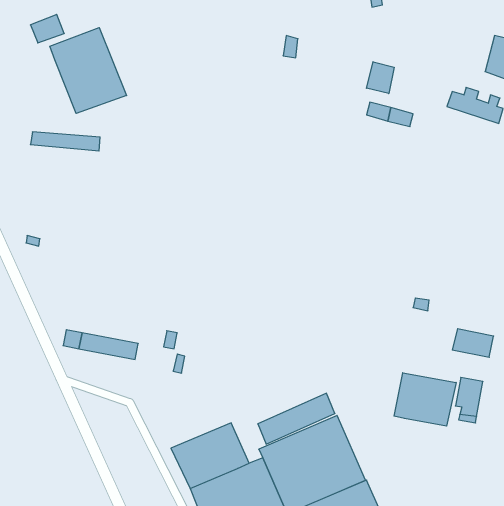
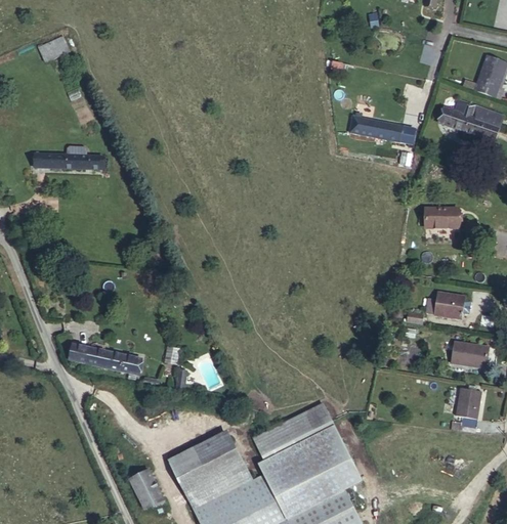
building: [50,28,127,113] -> none
building: [366,62,394,94] -> none
building: none -> [430,210,465,232]
building: none -> [423,292,462,316]
building: [394,373,456,426] -> none
building: none -> [135,470,164,506]

